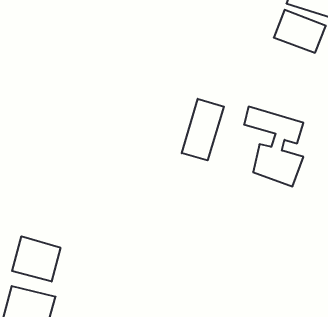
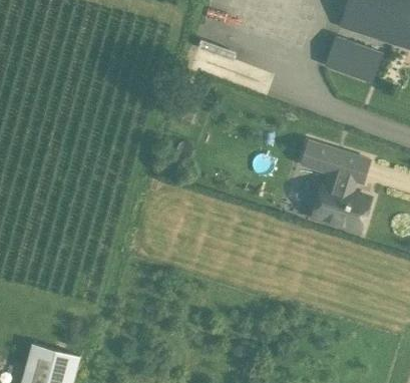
building: [182,99,224,160] -> none
building: [12,236,60,282] -> none

